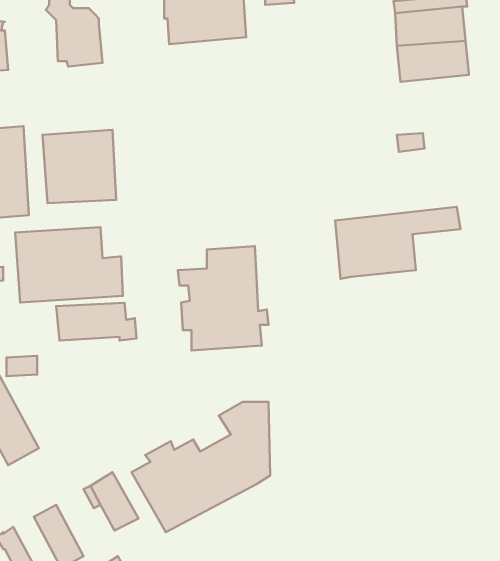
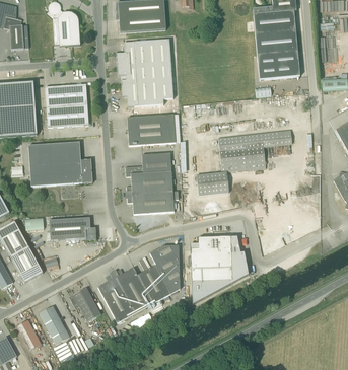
building: none -> [117,39,173,106]
building: none -> [257,51,299,79]
building: none -> [127,114,176,145]
building: none -> [196,170,229,195]
building: [56,303,137,340] -> [49,217,96,239]
building: none -> [191,235,249,303]

